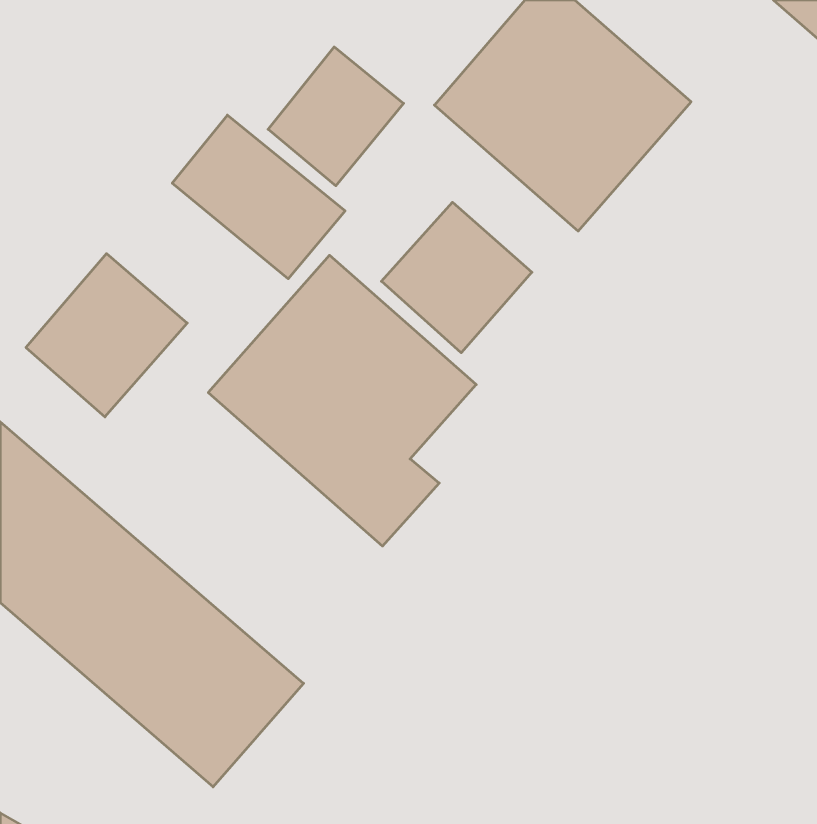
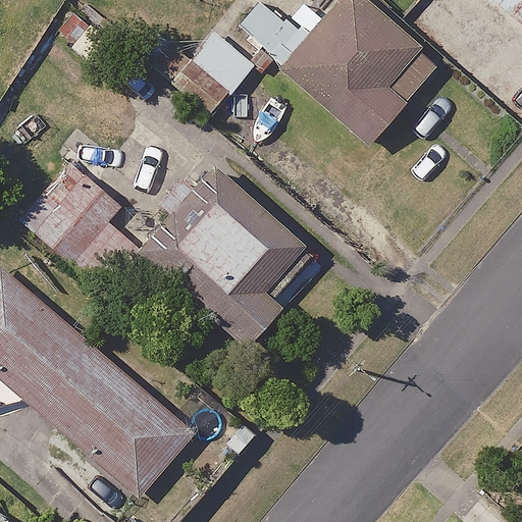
building: [172,115,345,279] -> none
building: [381,202,532,353] -> none

